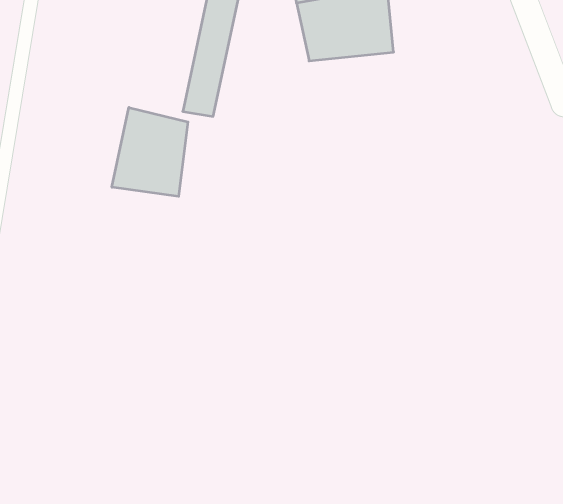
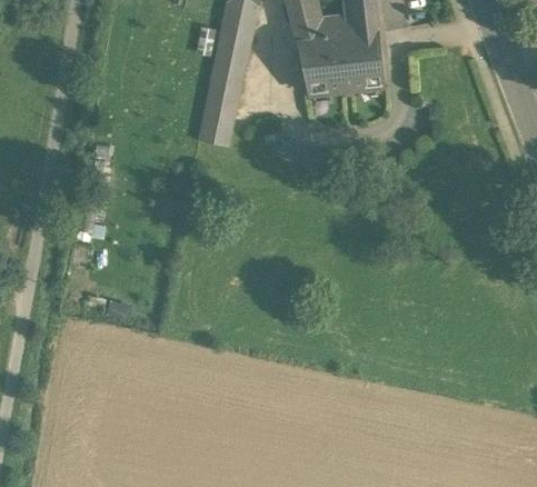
building: [112,107,188,196] -> none

